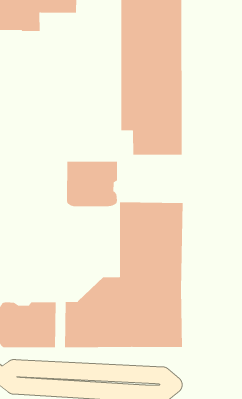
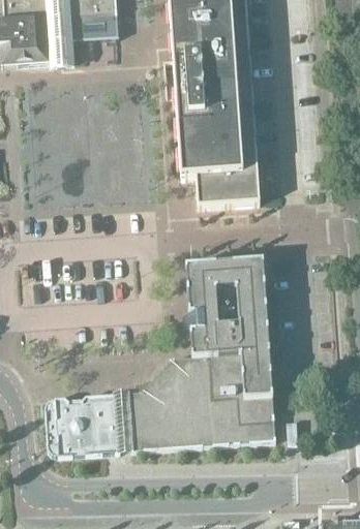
building: [66,161,118,207] -> none

